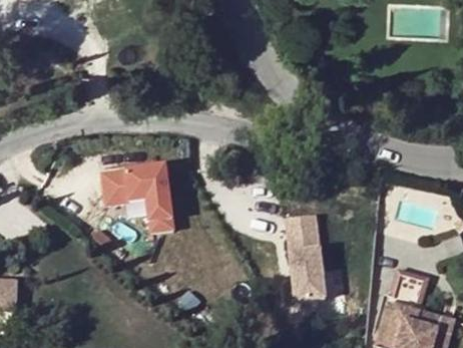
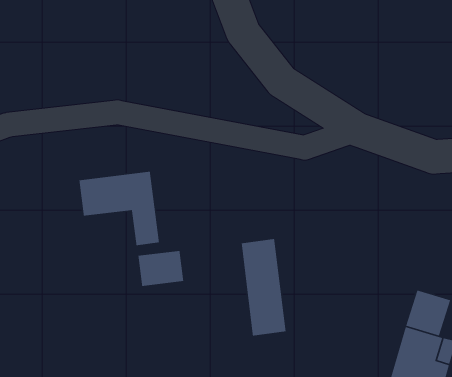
building: [286,215,326,301] -> [241,238,286,337]
building: none -> [137,250,184,287]

